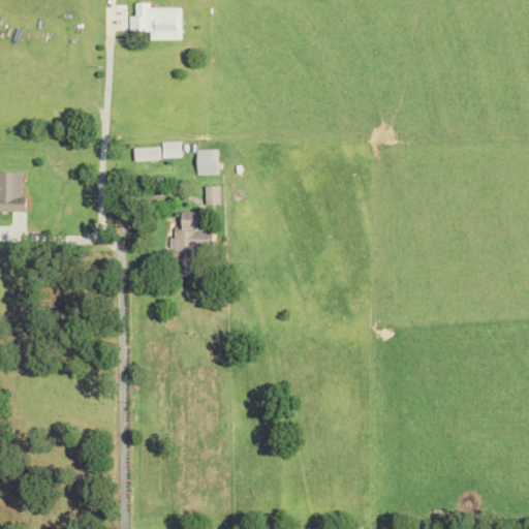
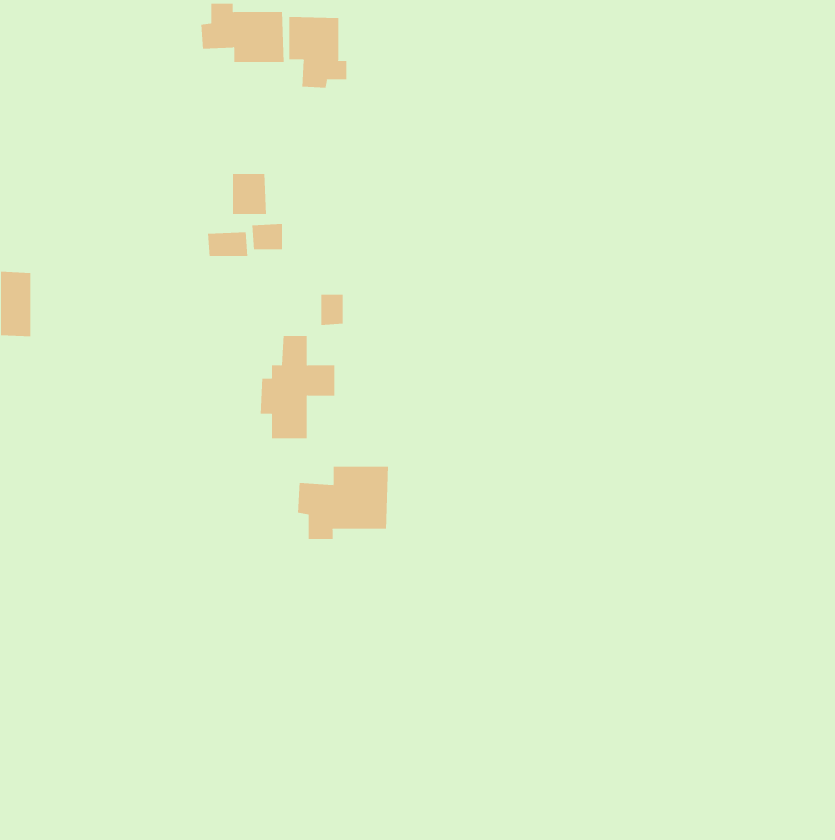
building: none -> [289,16,347,89]
building: [196,149,218,175] -> [232,173,267,214]
building: none -> [297,466,388,540]

